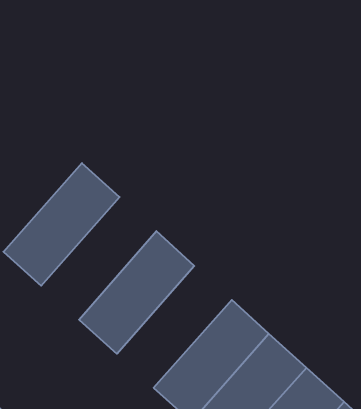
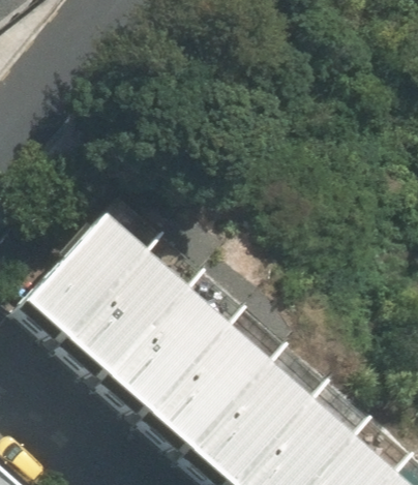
building: none -> [63,247,189,382]
building: none -> [146,323,272,456]

